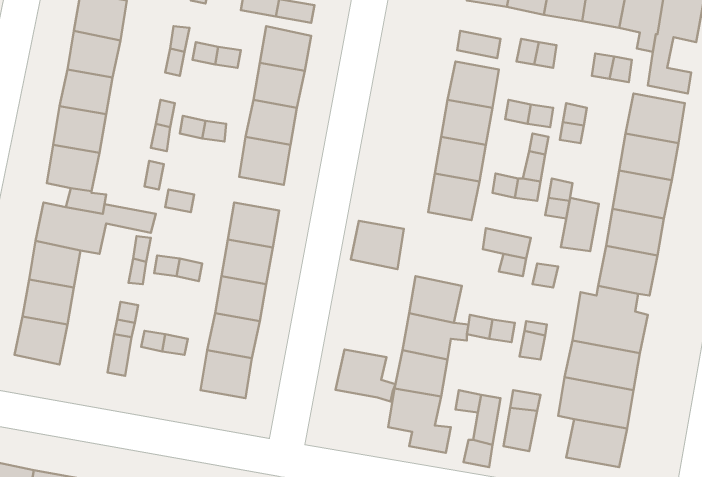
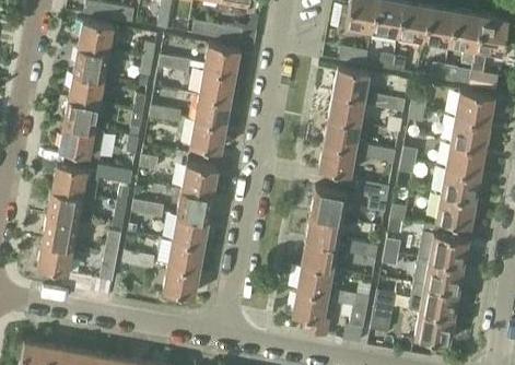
building: [561,198,599,251] -> none
building: [351,221,404,269] -> [311,189,347,222]
building: [336,350,395,401] -> none

